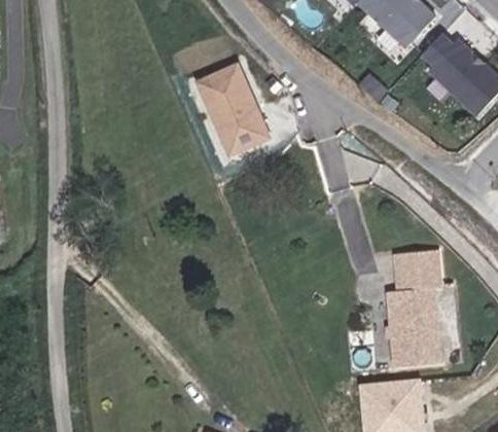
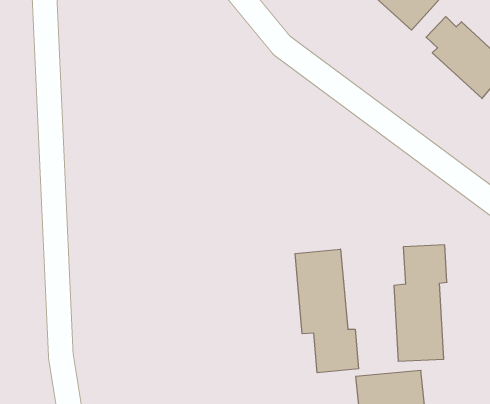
building: [198,68,268,156] -> none
building: none -> [295,249,359,373]

